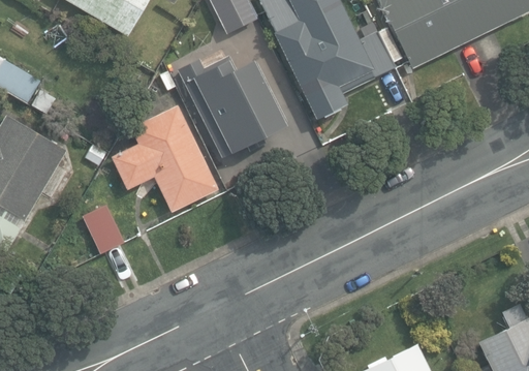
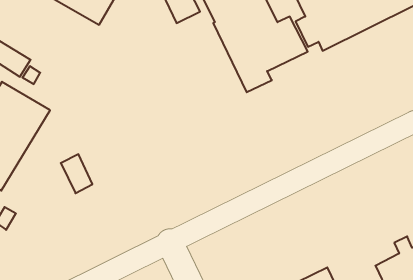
building: [182,58,287,157] -> none
building: [112,105,218,212] -> none

